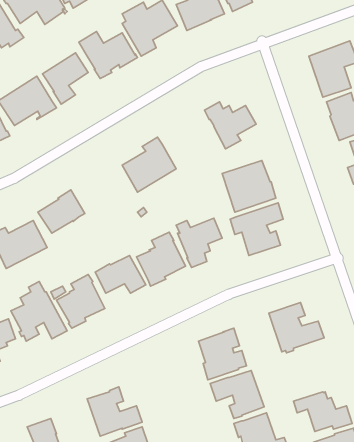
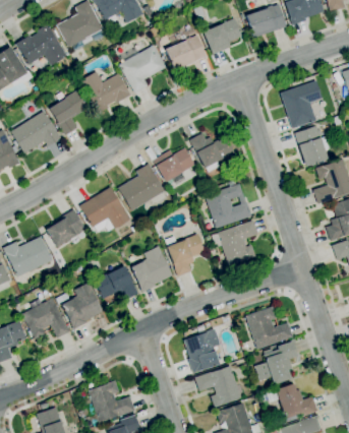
building: none -> [153,147,195,184]
building: none -> [79,187,131,233]
building: none -> [254,342,298,385]

